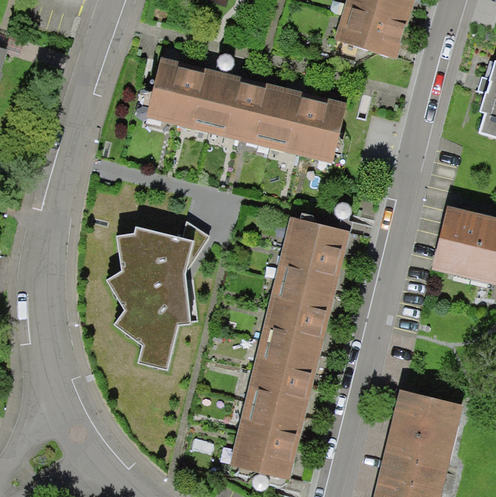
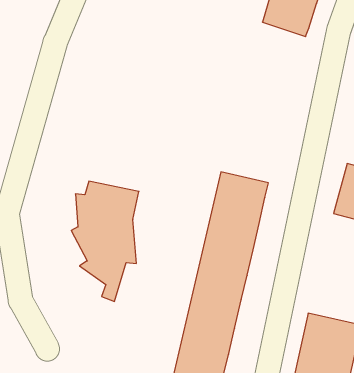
building: [146,59,350,161] -> none

